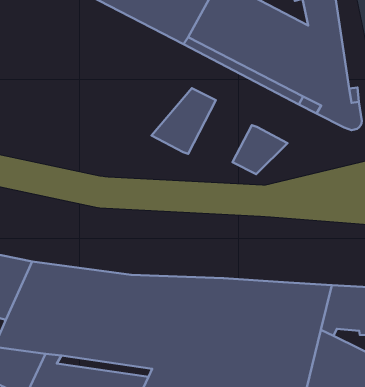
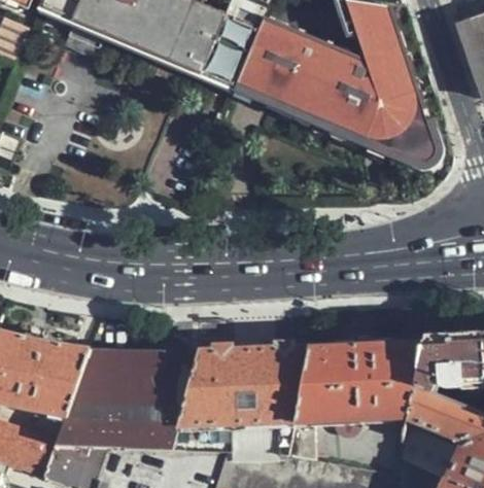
building: [152,88,216,154] -> none
building: [233,125,287,174] -> none

